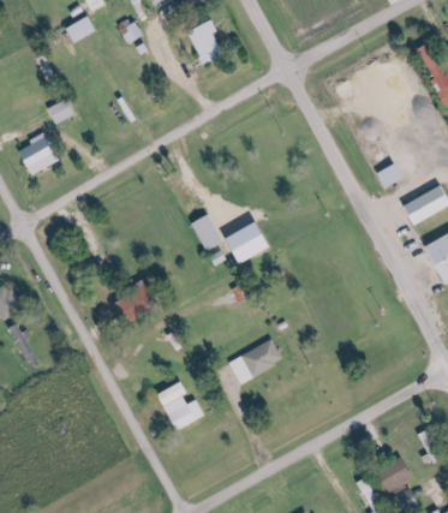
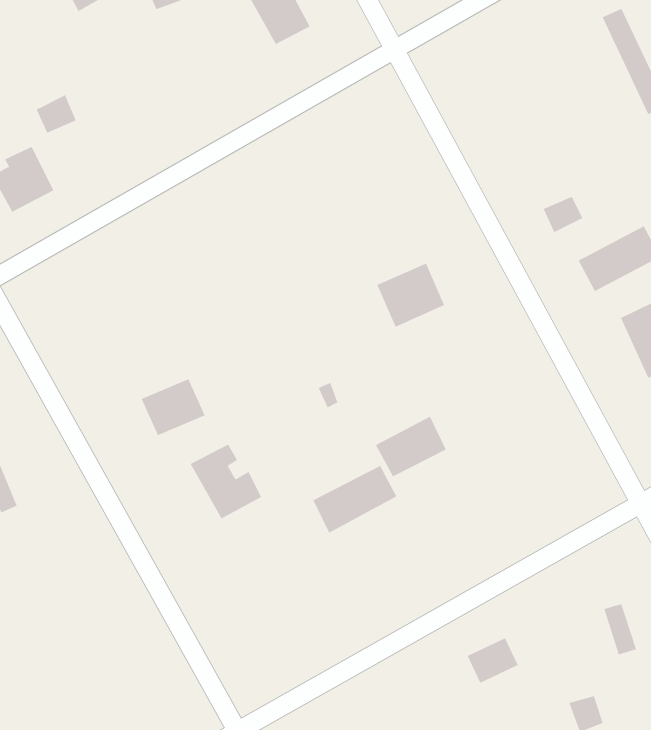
building: [192,215,221,251] -> none
building: [228,221,273,263] -> [377,263,445,327]
building: none -> [375,416,446,477]
building: [157,381,204,430] -> [190,444,262,519]
building: [381,460,414,490] -> [467,637,519,684]

